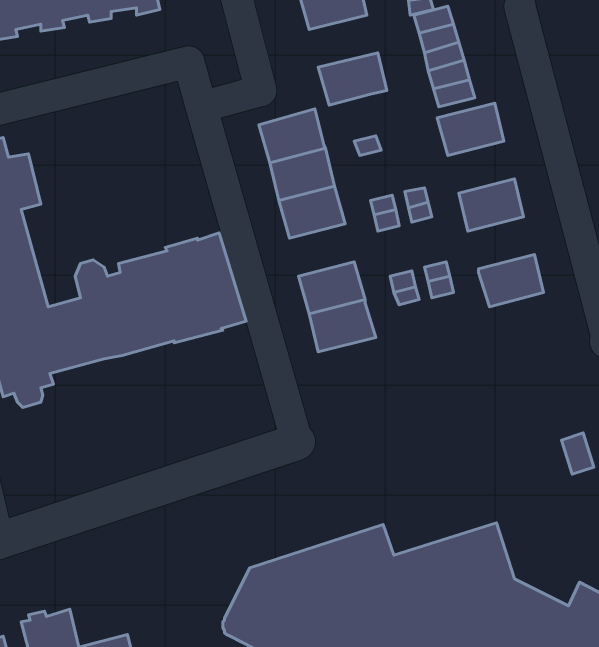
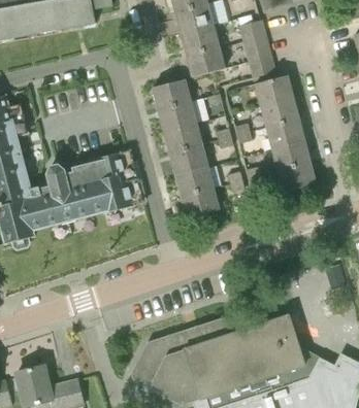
building: none -> [181,25,220,55]
building: none -> [260,97,298,127]
building: none -> [271,140,309,170]
building: none -> [169,144,206,174]

